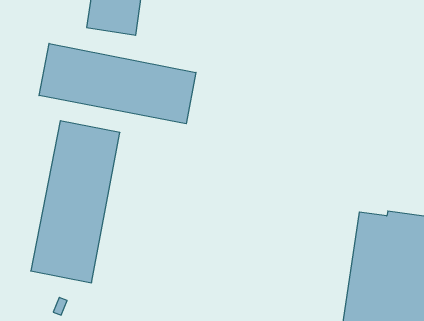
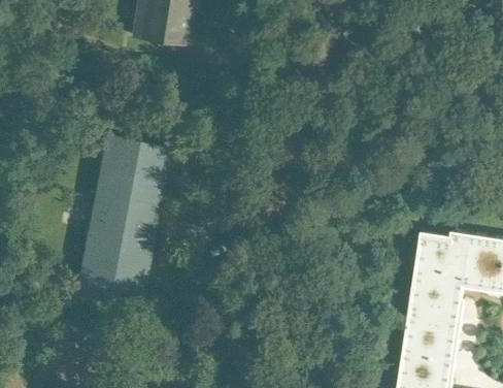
building: [39,43,196,124] -> none

